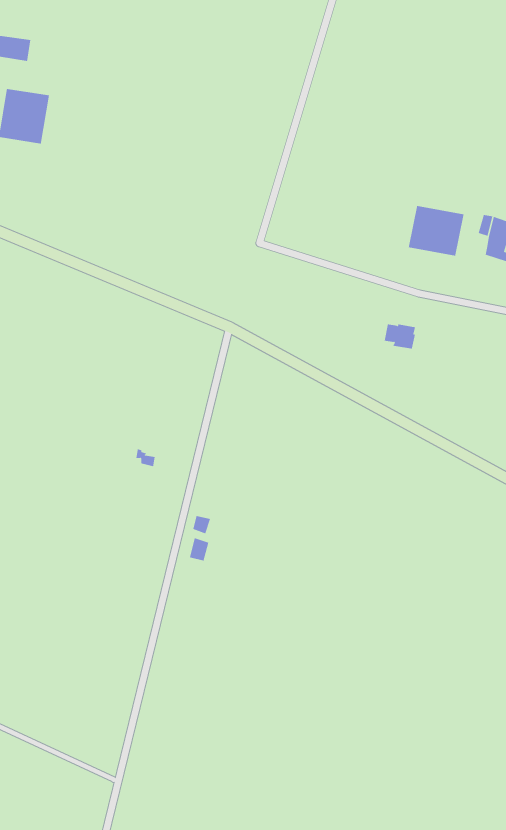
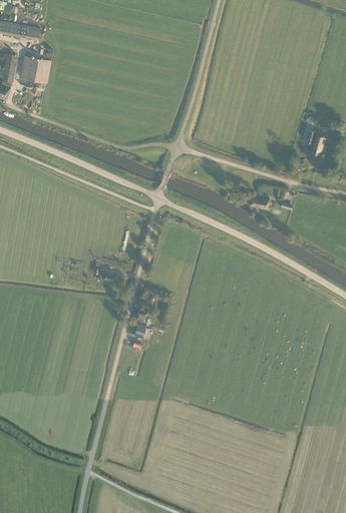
building: [408,205,464,257] -> none

